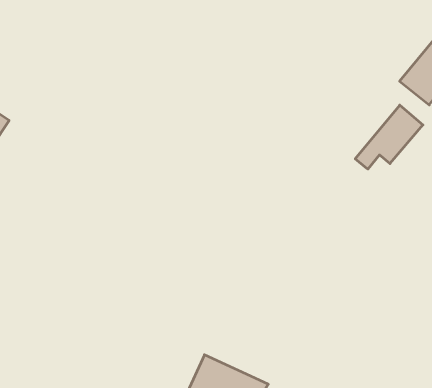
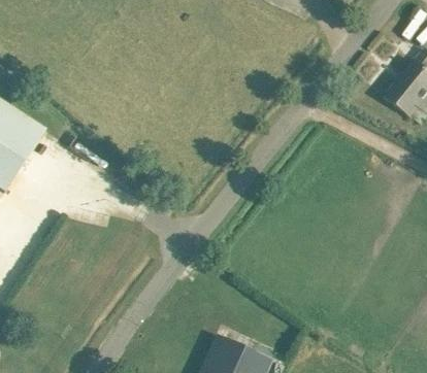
building: [355,105,423,169] -> none

